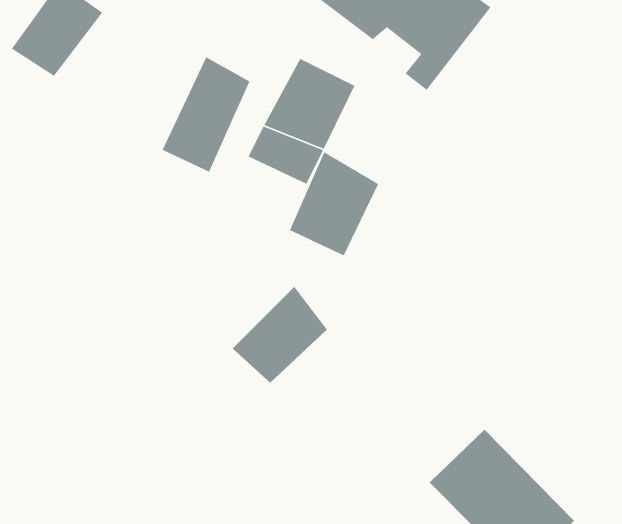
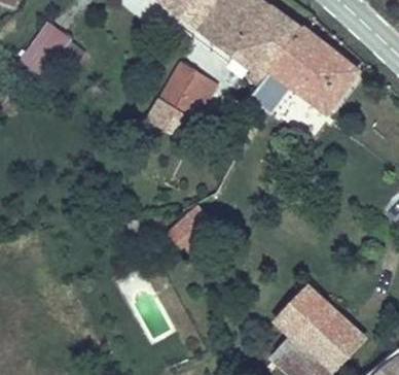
building: none -> [266,34,357,108]
building: [161,56,251,173] -> none
building: [289,151,379,256] -> none

